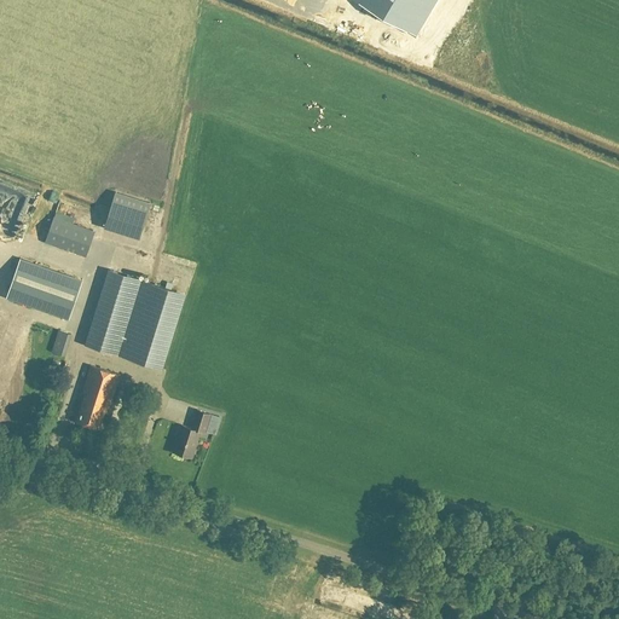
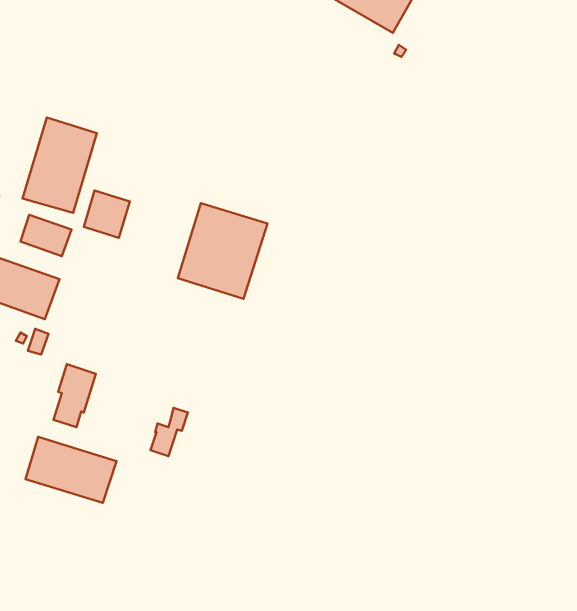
building: none -> [22,117,97,213]
building: [83,270,173,365] -> [178,203,268,299]
building: none -> [26,437,116,503]

